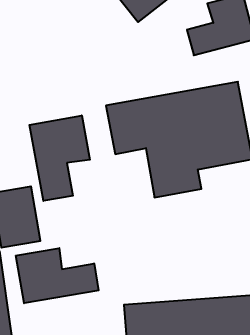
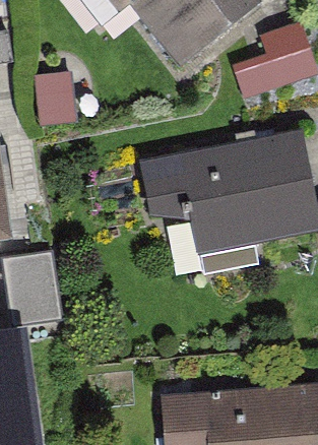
building: [29,115,90,201] -> none
building: [16,248,99,303] -> none

